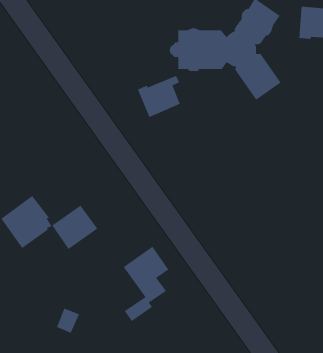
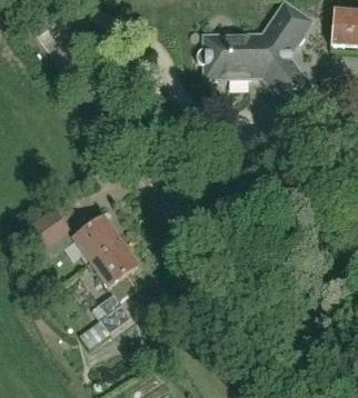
building: [137,75,180,118] -> none
building: [123,246,169,322] -> [91,239,139,318]

